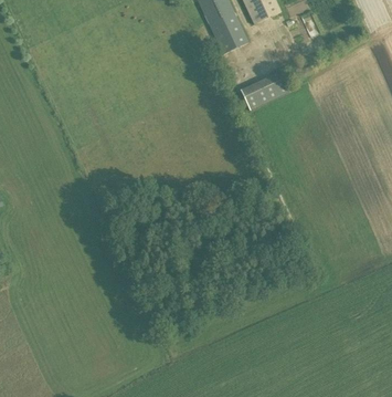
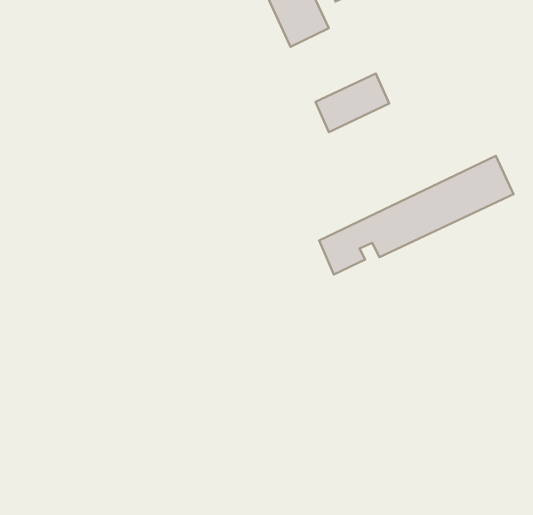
building: none -> [319,156,513,274]

